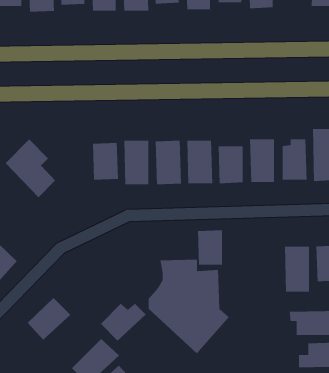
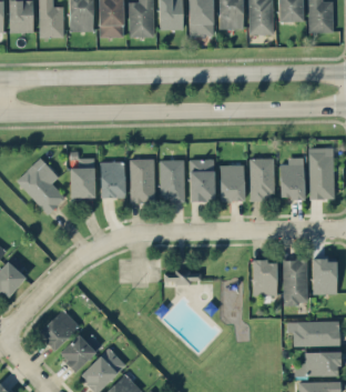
building: none -> [70,158,95,198]
building: [197,229,223,266] -> [253,260,277,294]
building: [100,303,147,341] -> [59,334,103,371]

